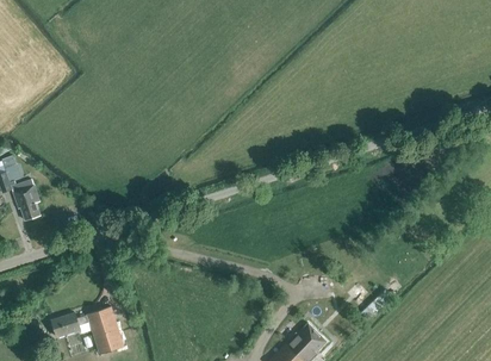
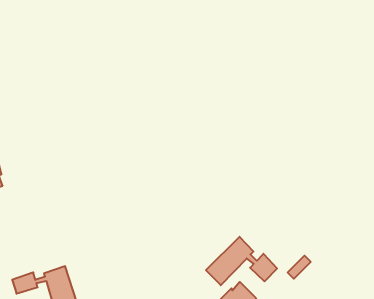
building: none -> [206,237,277,285]

